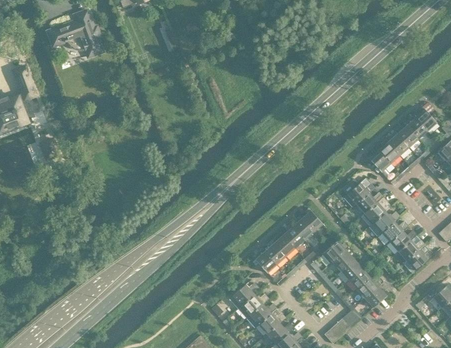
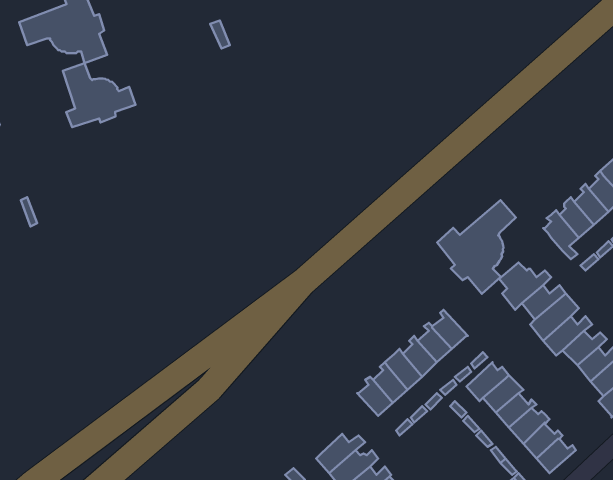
building: none -> [63,63,136,127]
building: none -> [437,200,516,294]

